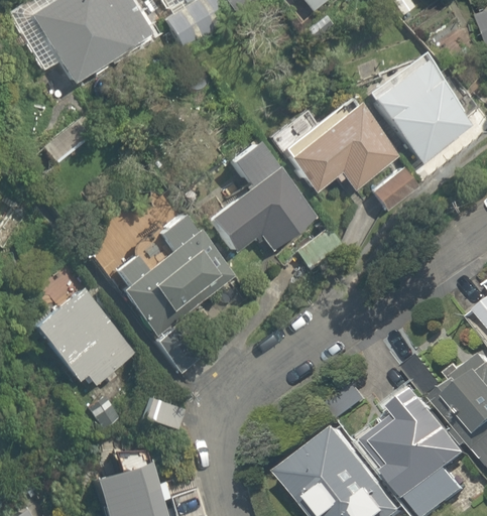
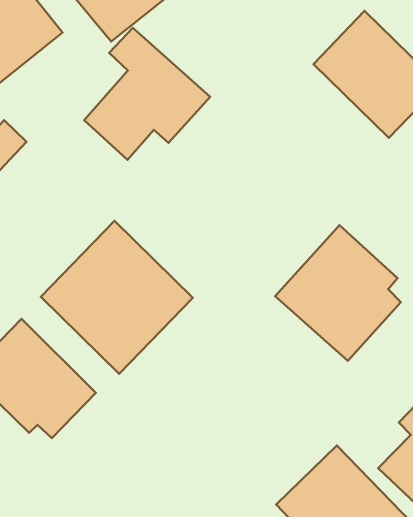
building: [290,98,422,211] -> none
building: [203,144,315,258] -> [84,28,210,160]
building: none -> [275,225,401,361]

